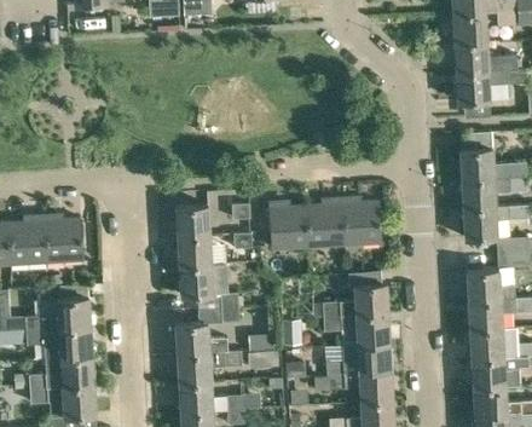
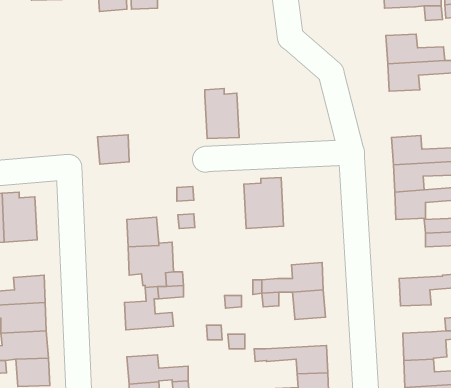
building: [453,13,487,44] -> none
building: [343,194,380,247] -> none
building: [270,197,306,250] -> [205,89,239,139]
building: [177,208,210,240] -> [97,135,129,164]
building: [468,272,515,302] -> none
building: [470,330,504,360] -> none
building: [325,344,392,377] -> none
building: [178,354,212,386] -> none

